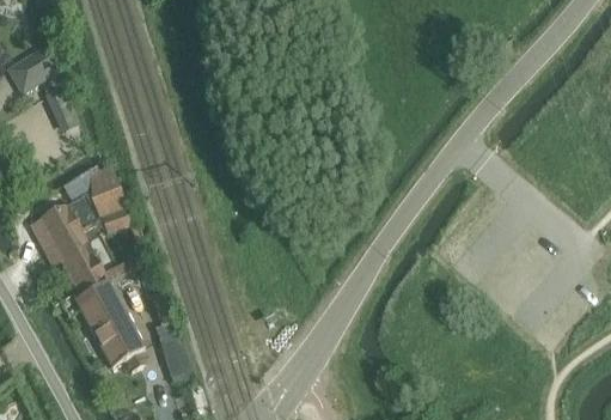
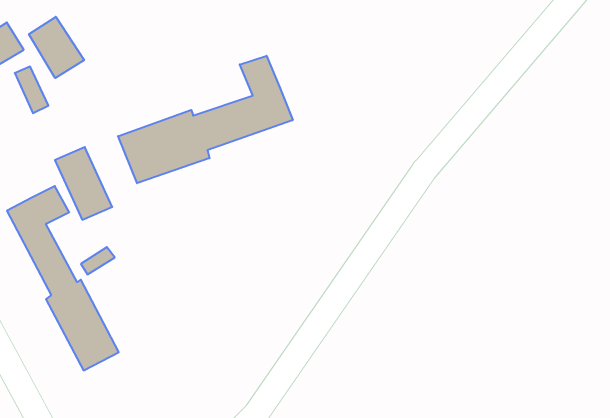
building: none -> [29,17,84,78]
building: none -> [118,56,293,183]

